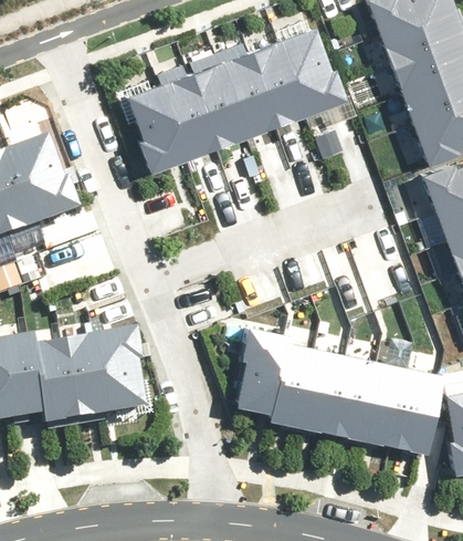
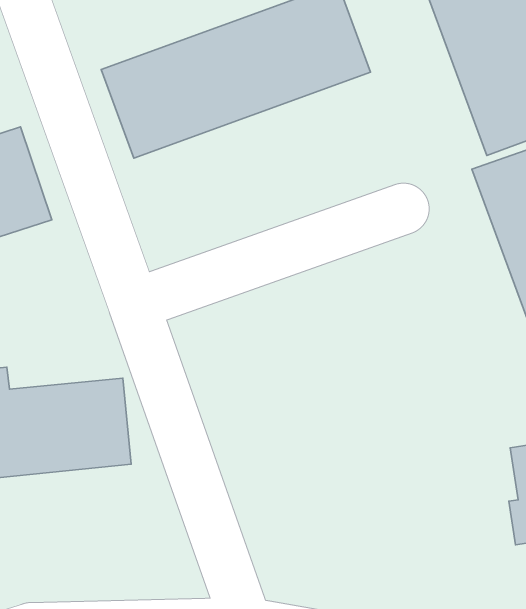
building: [238,331,446,454] -> none

